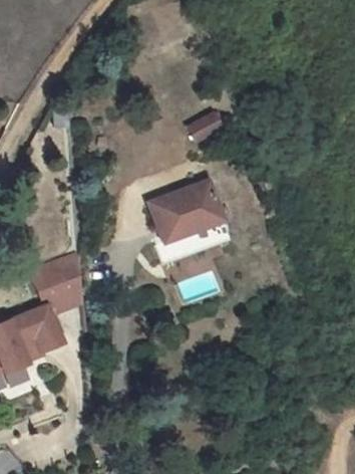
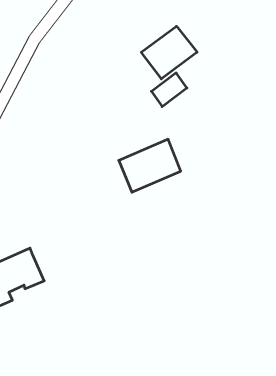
building: none -> [141,26,197,79]
building: [32,257,79,314] -> none

